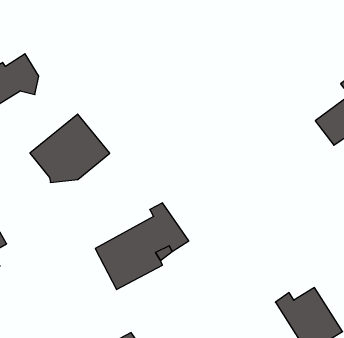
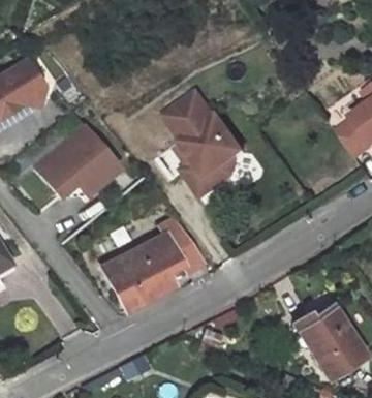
building: none -> [165,89,246,186]

